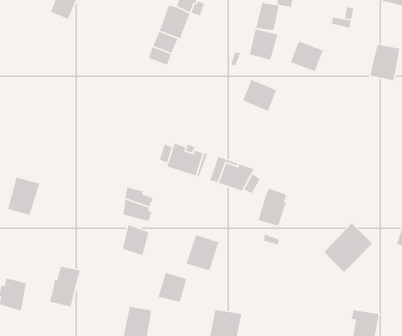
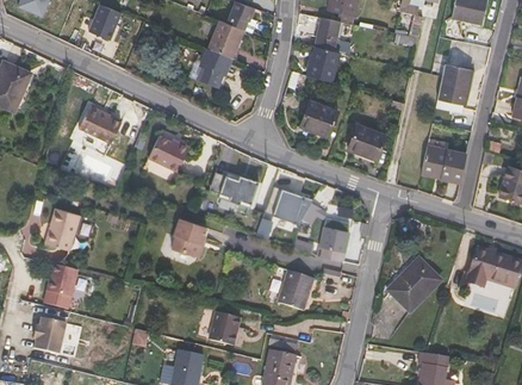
building: [290,40,324,72] -> [348,123,385,157]
building: none -> [79,105,120,143]
building: none -> [145,136,187,172]
building: none -> [422,147,466,181]
building: [122,224,149,256] -> none
building: [186,234,220,271] -> [276,268,313,309]
building: [49,266,81,308] -> [43,262,77,308]

